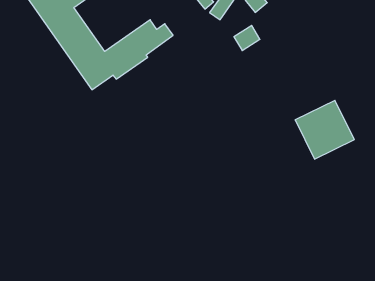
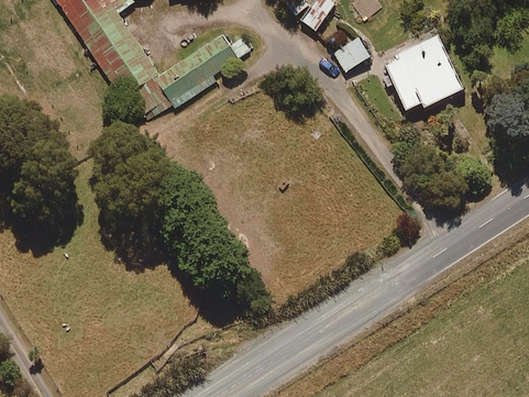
building: [295,100,354,159] -> [383,34,463,113]

